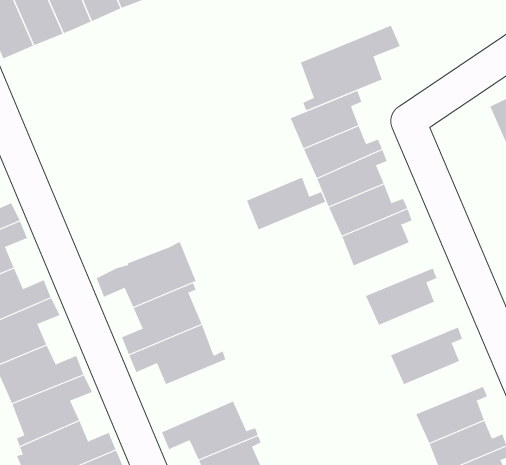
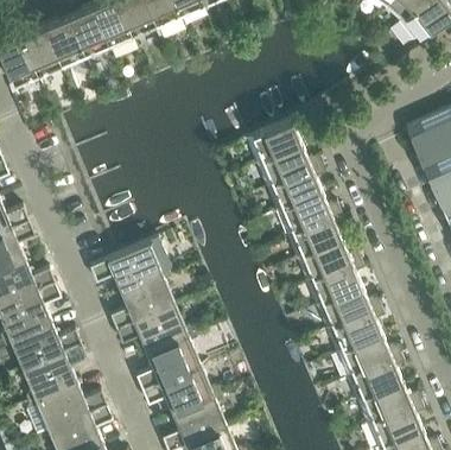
building: [300,25,401,111] -> none
building: [246,177,326,230] -> [297,237,361,280]
building: none -> [317,285,381,328]
building: none -> [135,331,201,389]
building: none -> [337,332,401,375]

